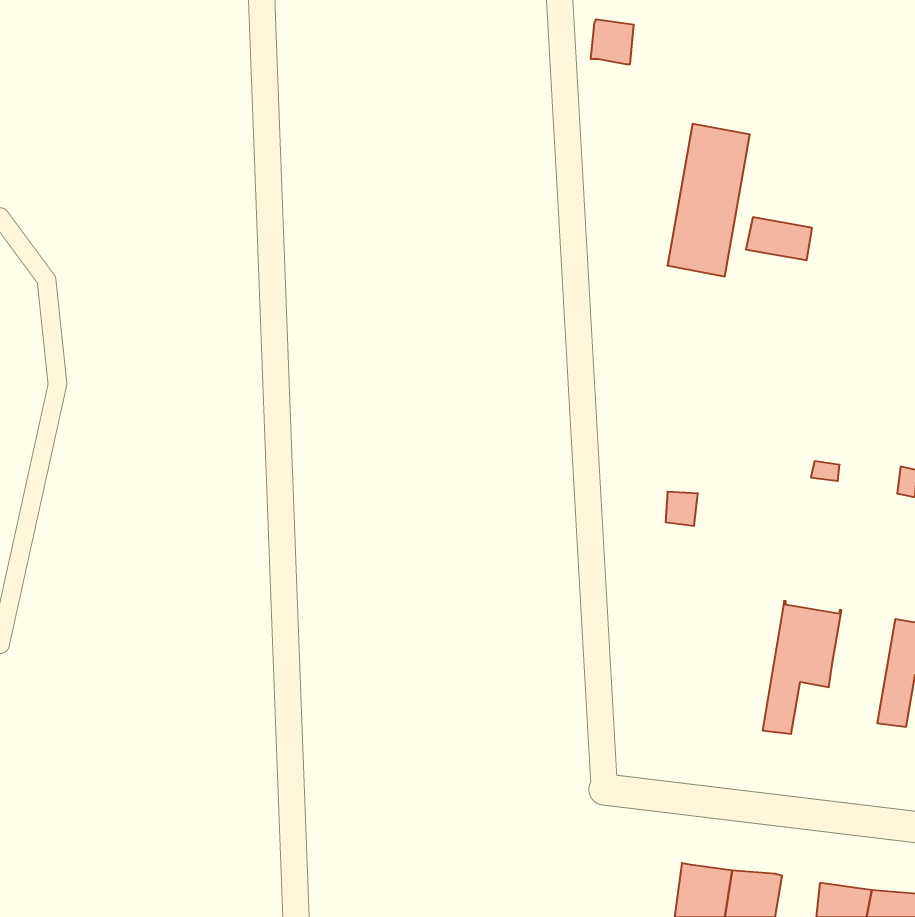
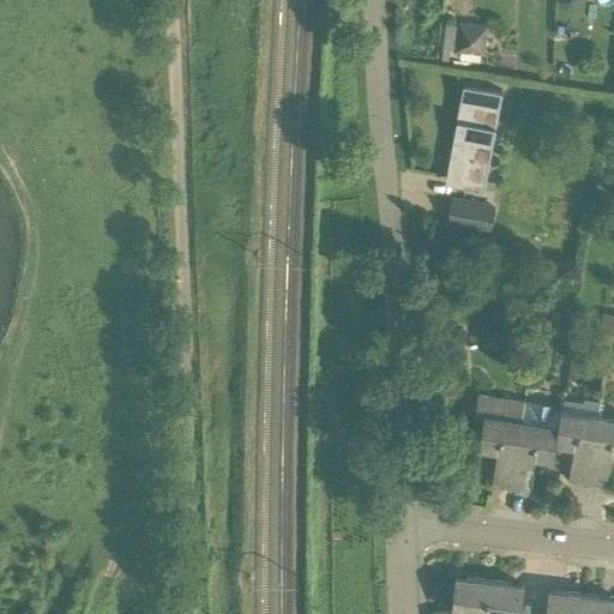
building: [591,19,634,64] -> [458,23,487,53]
building: [746,217,812,260] -> [450,199,494,228]
building: none -> [475,393,525,488]
building: none -> [558,408,600,483]

